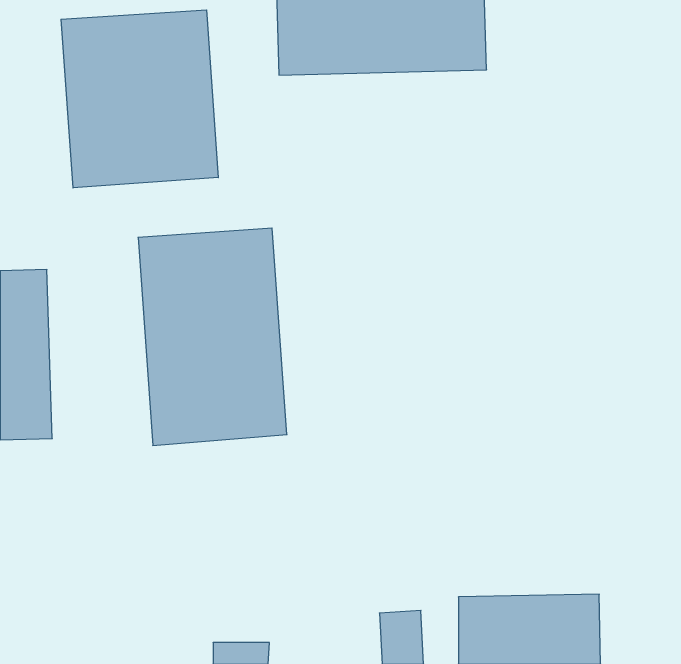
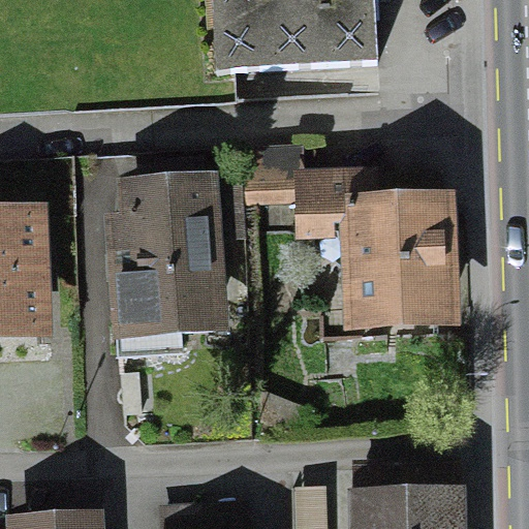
building: [61,10,218,188] -> none
building: none -> [293,173,456,336]

